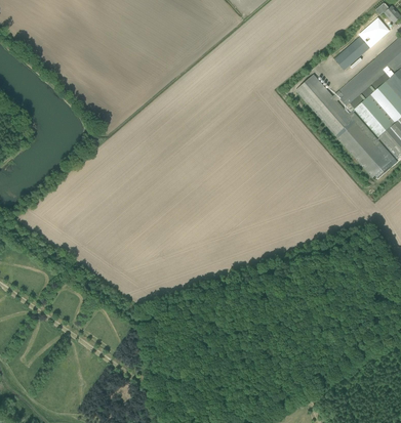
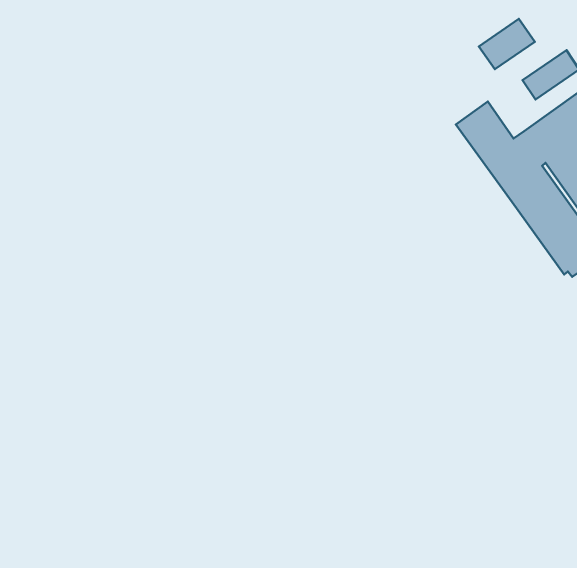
building: none -> [479,19,535,69]

